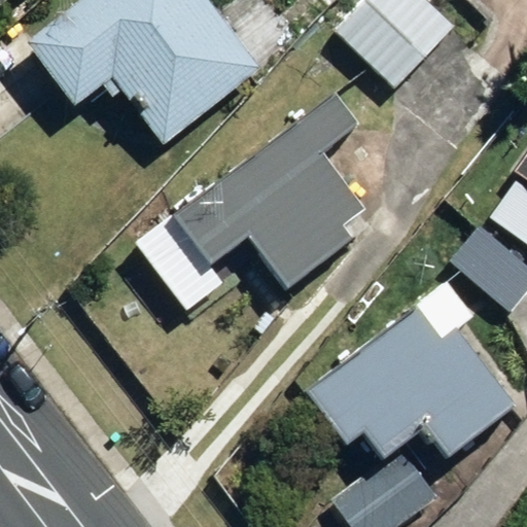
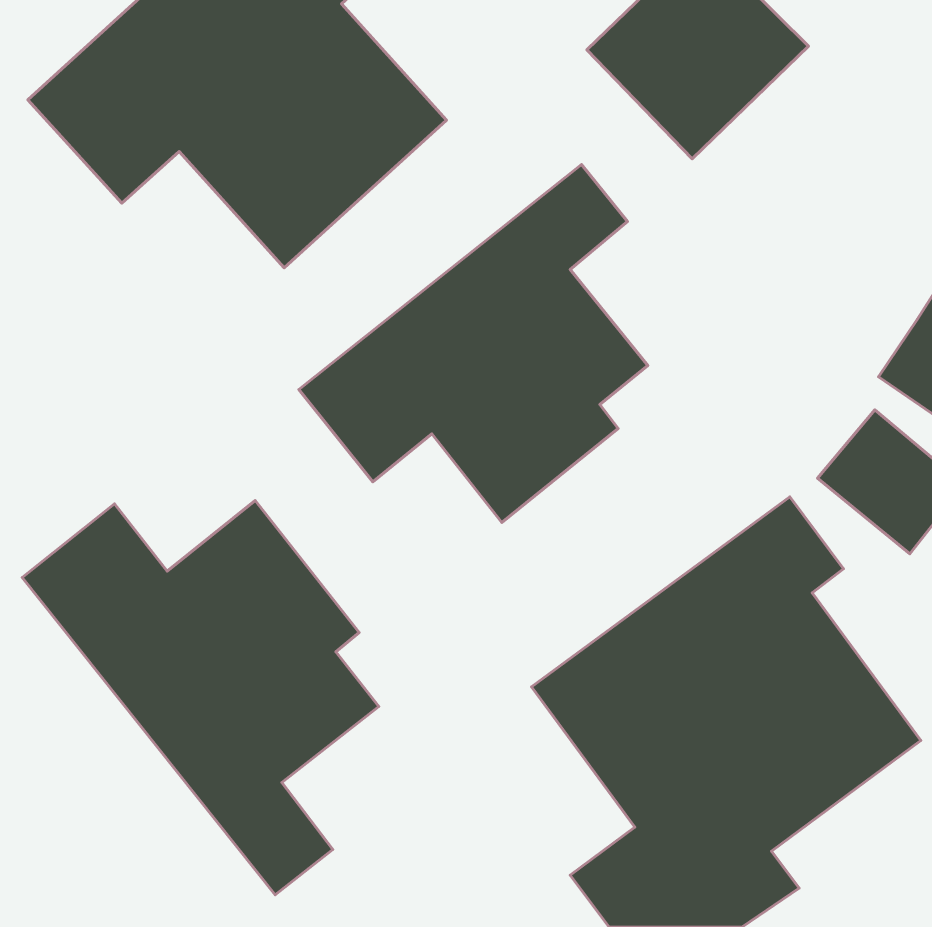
building: none -> [22,500,379,895]

